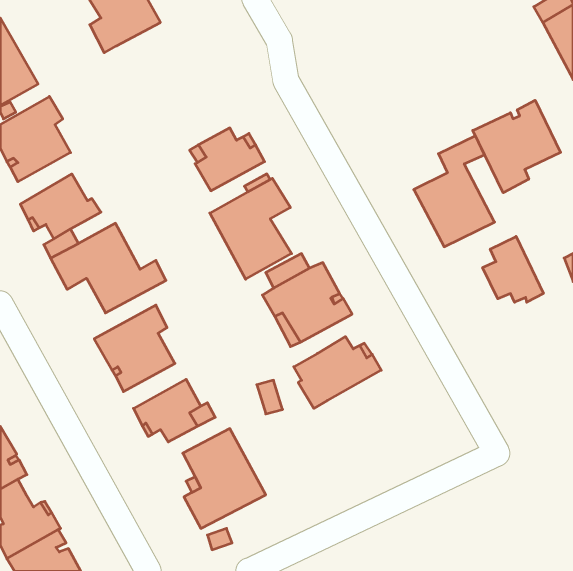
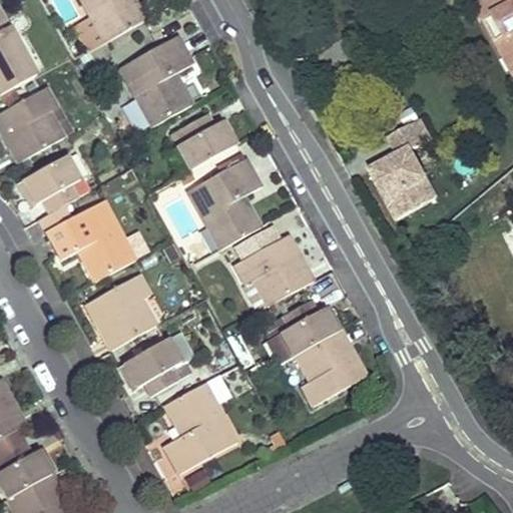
building: none -> [118,37,190,125]
building: [473,100,561,193] -> none
building: [483,236,543,302] -> none
building: none -> [293,331,366,406]

